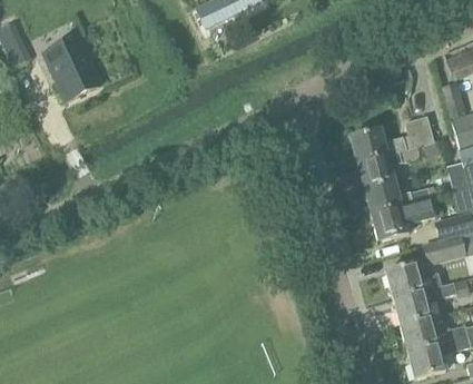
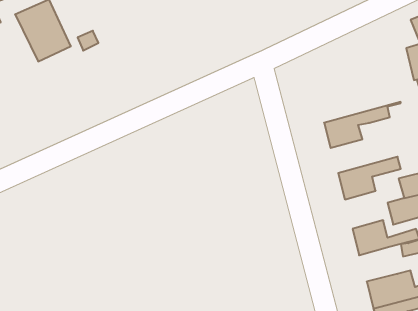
building: [351,116,435,163] -> none
building: [364,179,432,214] -> none
building: [393,288,432,324] -> none

